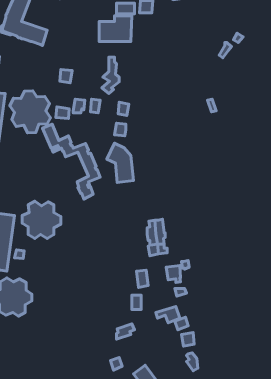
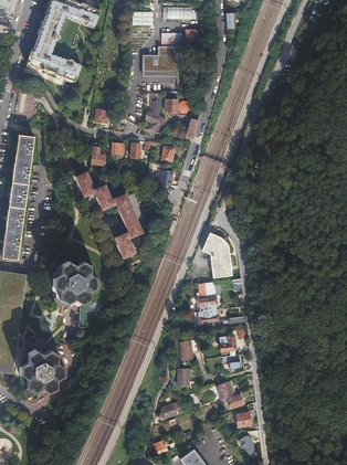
building: none -> [164,99,197,139]
building: [10,91,50,133] -> none
building: [107,143,134,182] -> [200,230,231,275]

